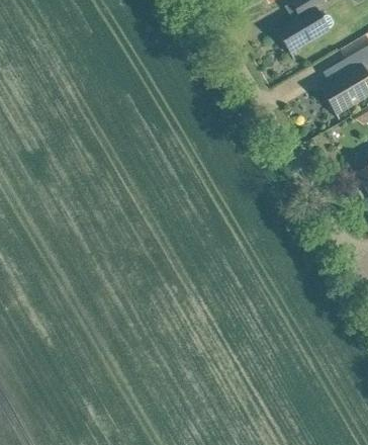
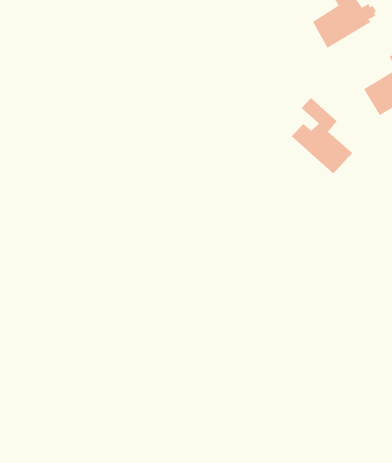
building: none -> [291,97,353,181]

